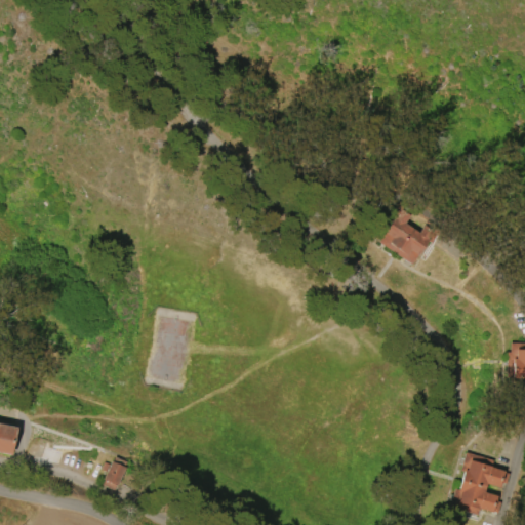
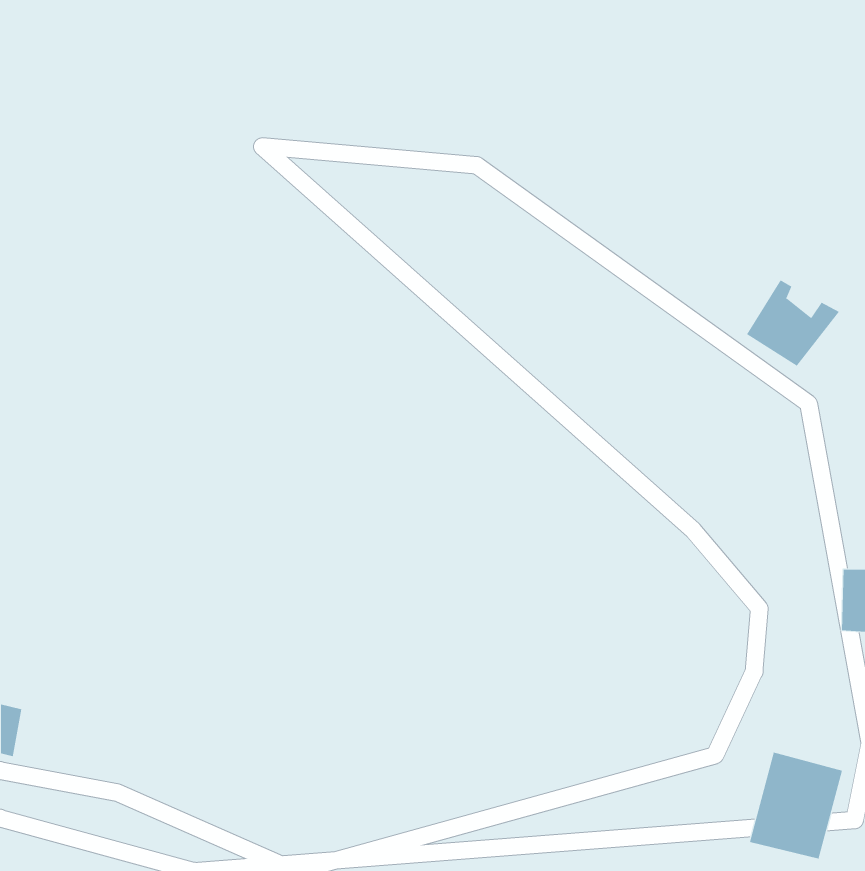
building: [382,212,439,265] -> [746,280,840,366]
building: [103,459,128,489] -> none

